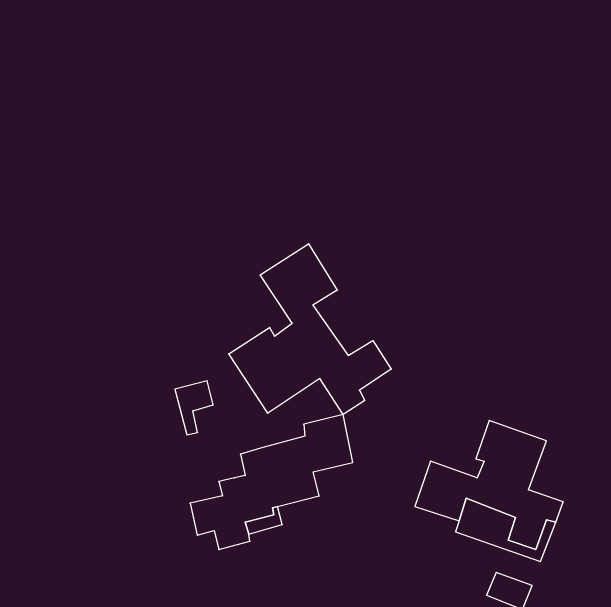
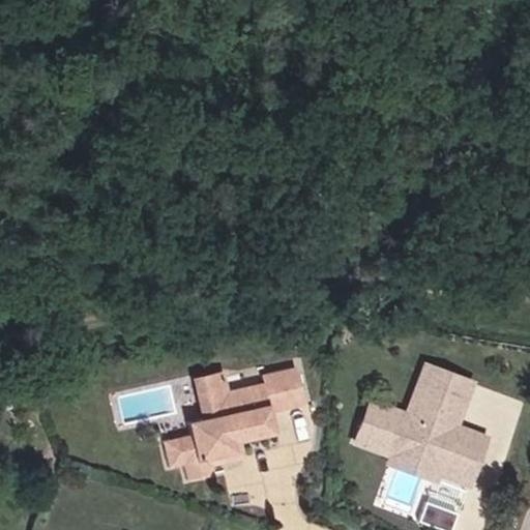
building: [229,244,391,415] -> none
building: [175,381,213,435] -> [193,371,226,417]

